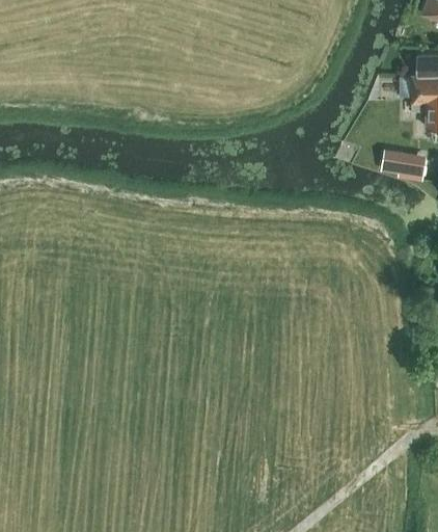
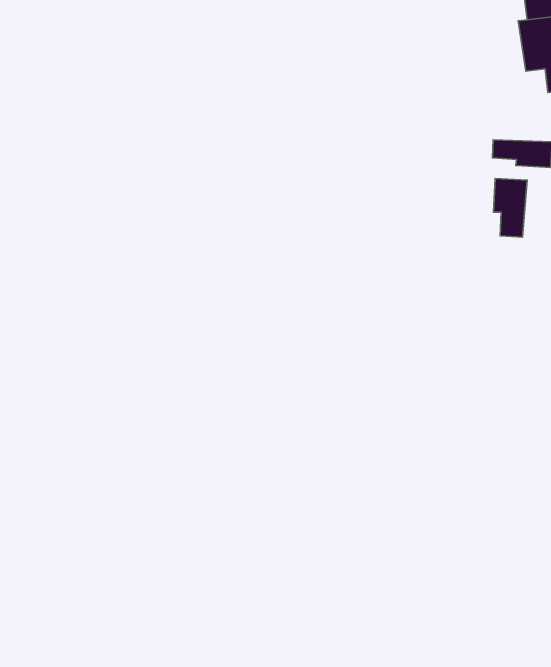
building: none -> [493,179,527,237]

